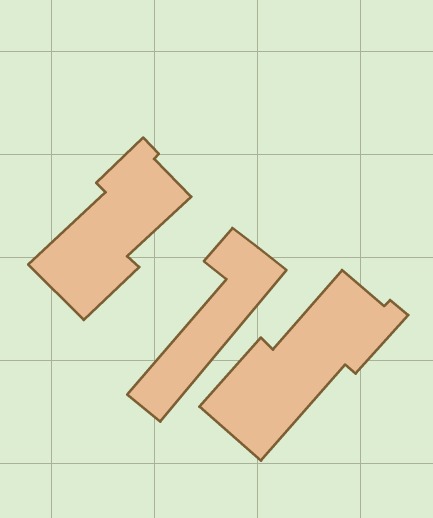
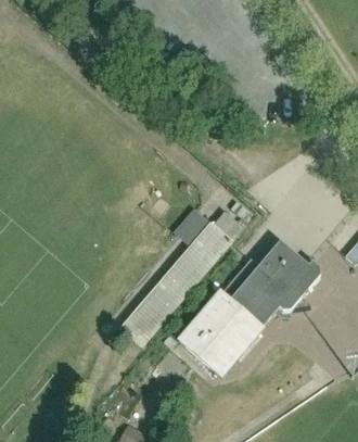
building: [28,138,191,320] -> none

